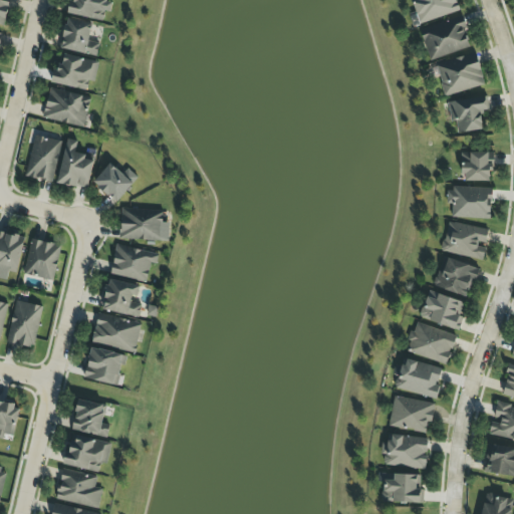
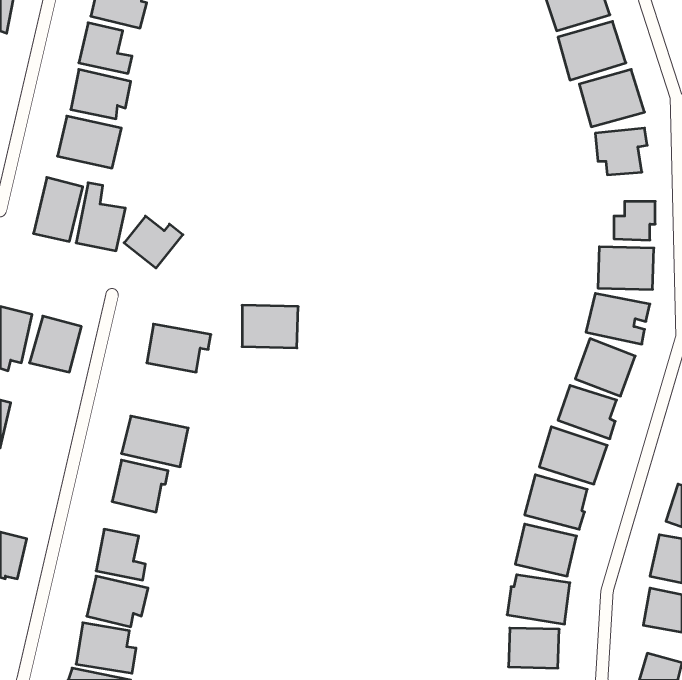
building: [120,208,163,240] -> [242,305,298,348]
building: [102,279,142,316] -> none
building: [6,300,42,347] -> none

